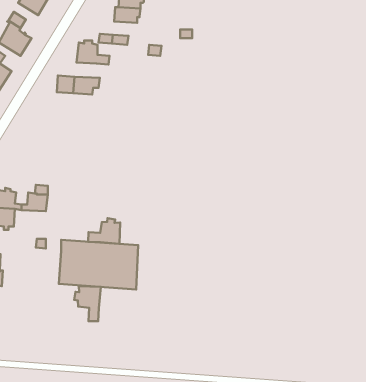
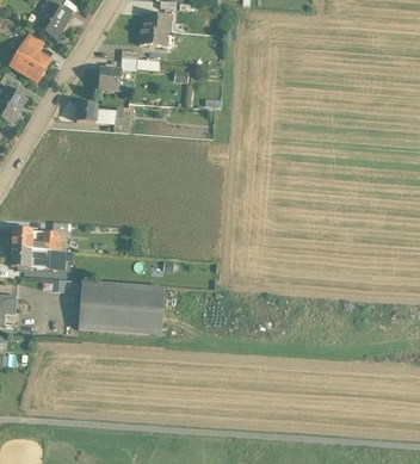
building: none -> [30,246,64,267]
building: [88,218,120,244] -> none
building: [74,286,101,321] -> none

